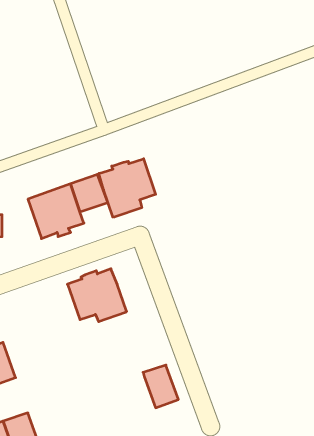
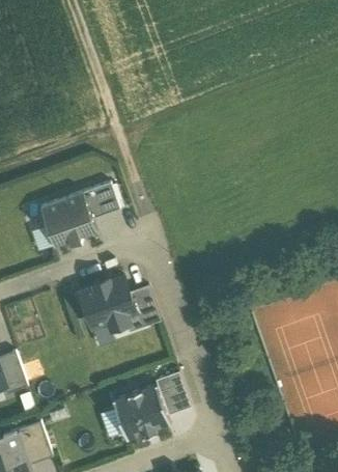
building: [99,159,156,217] -> none
building: none -> [129,287,159,329]
building: none -> [112,386,170,440]

